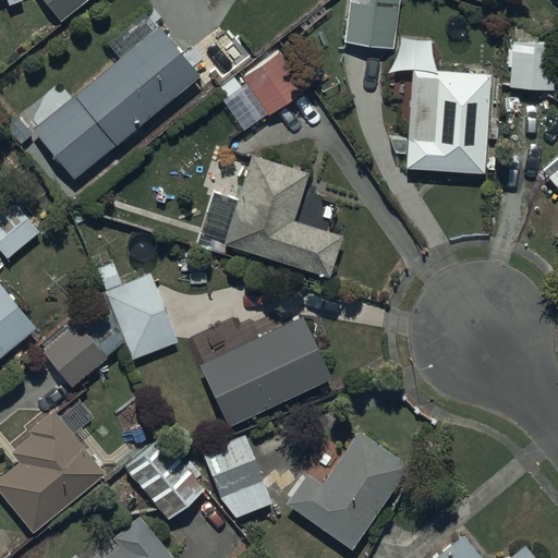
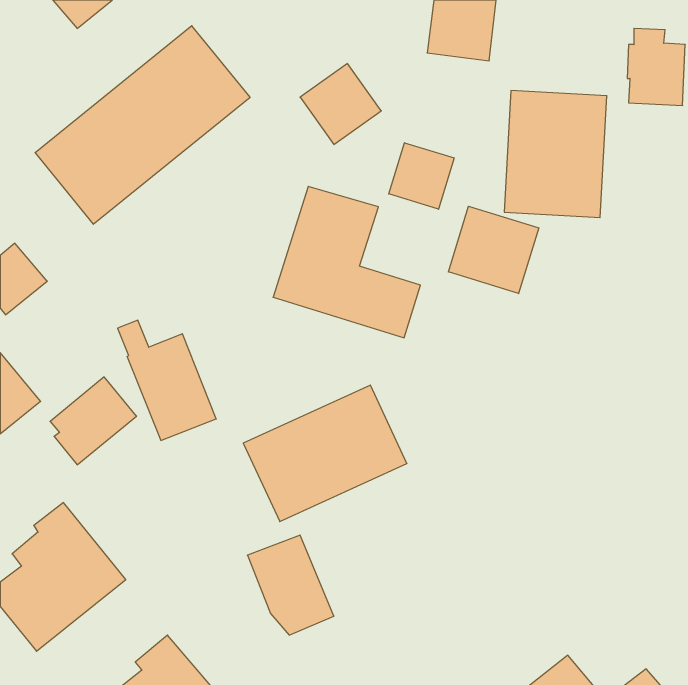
building: none -> [389,143,454,209]
building: none -> [448,206,539,294]
building: [287,429,408,546] -> none
building: [123,436,203,518] -> none

